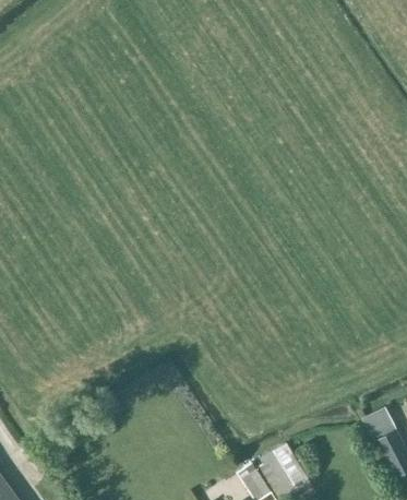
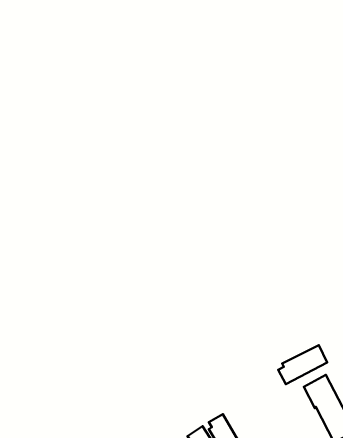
building: none -> [278,345,327,384]

